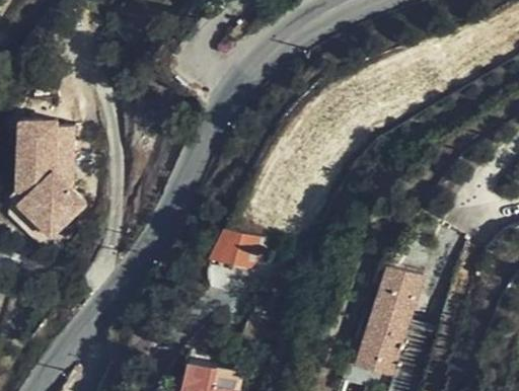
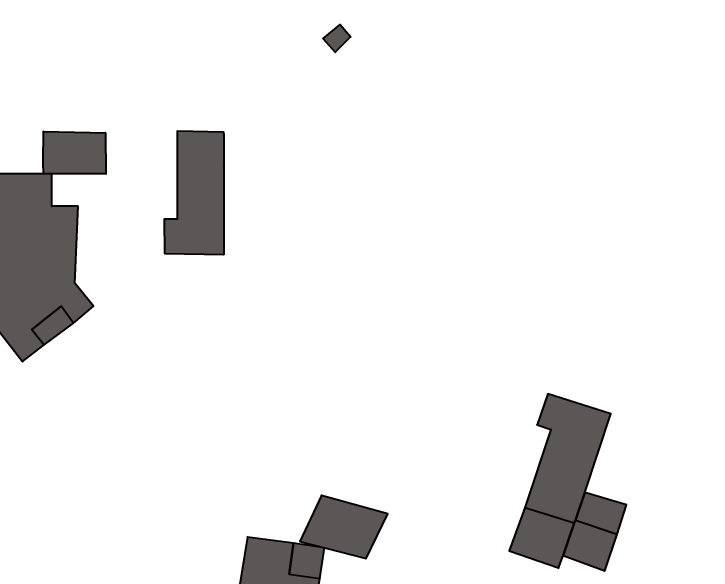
building: none -> [164,131,224,255]
building: none -> [43,131,106,174]
building: [214,230,272,271] -> [300,495,388,559]

